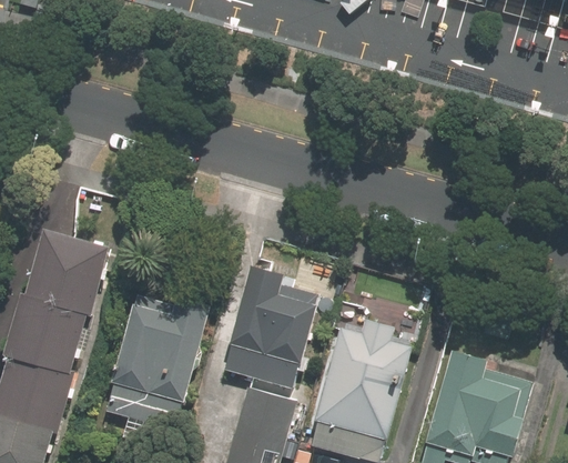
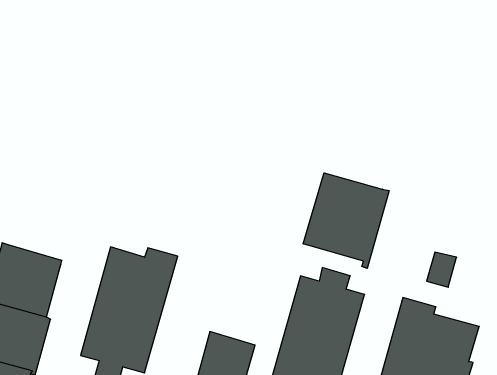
building: none -> [303,173,389,268]
building: [27,229,108,316] -> none
building: [223,265,318,389] -> none

